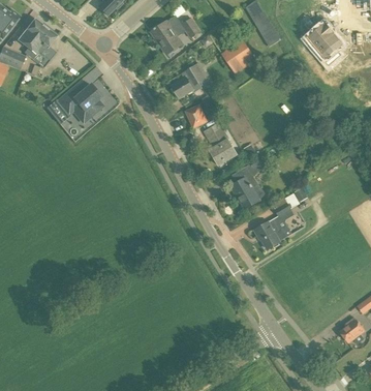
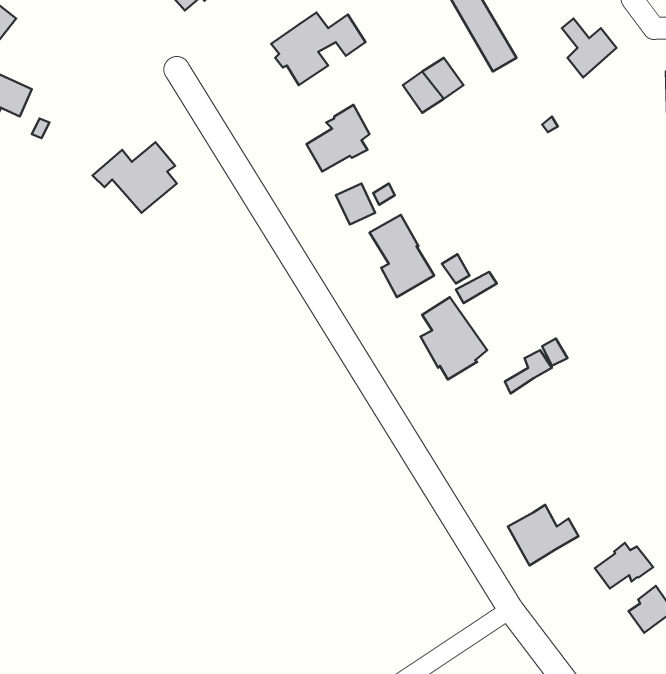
building: [18,19,57,67] -> none
building: [316,34,343,64] -> none
building: [255,217,292,249] -> [508,505,578,566]
building: none -> [595,543,653,589]

